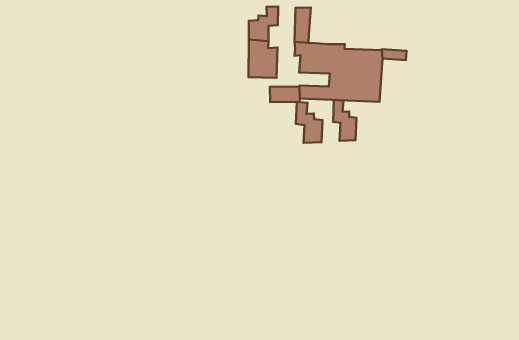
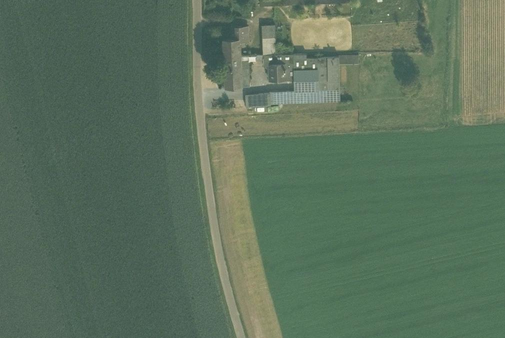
building: [333,100,357,141] -> none
building: [296,102,323,143] -> none

